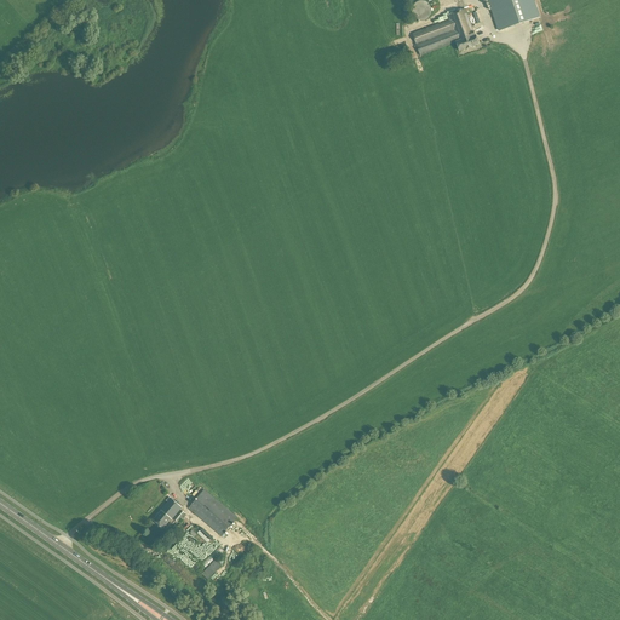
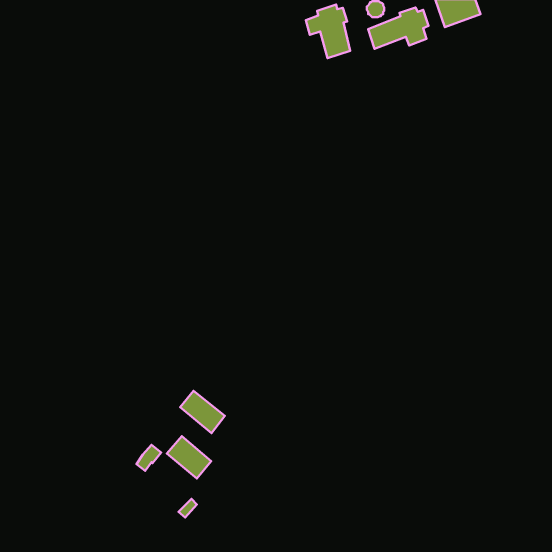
building: none -> [306,5,350,58]
building: none -> [180,391,225,433]

